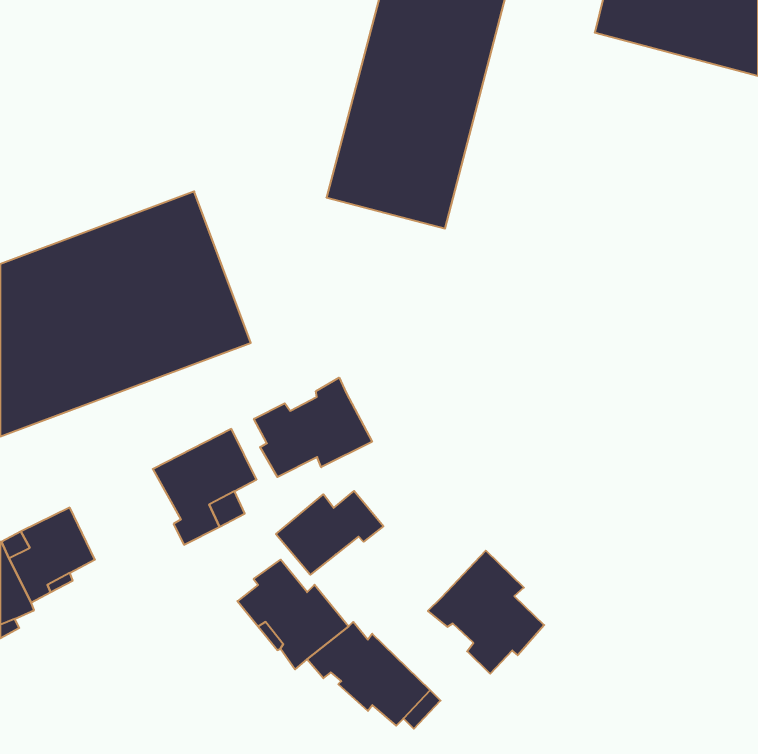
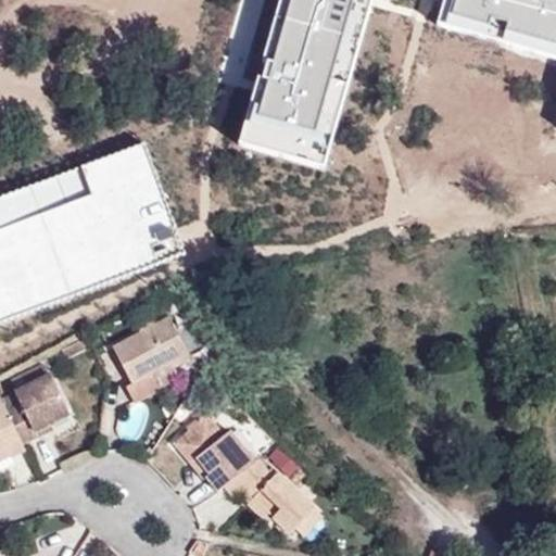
building: [254,378,372,477] -> none
building: [276,491,383,575] -> none
building: [428,551,544,674] -> none

